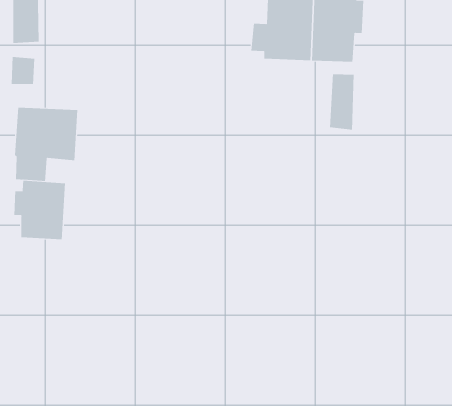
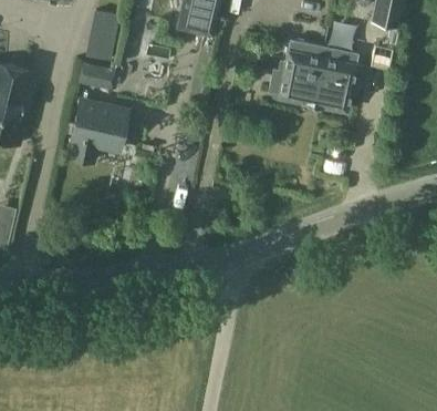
building: [329,73,354,130] -> none
building: [14,180,66,240] -> none

